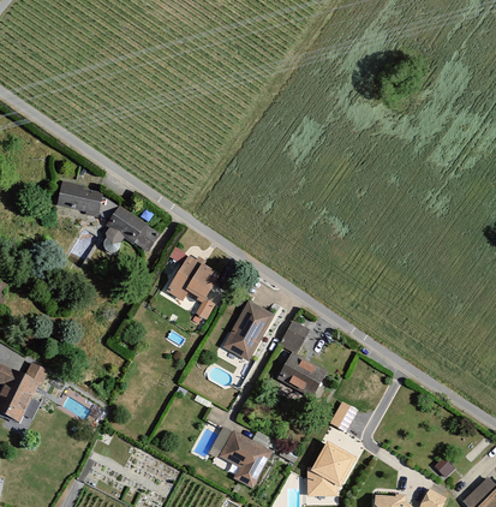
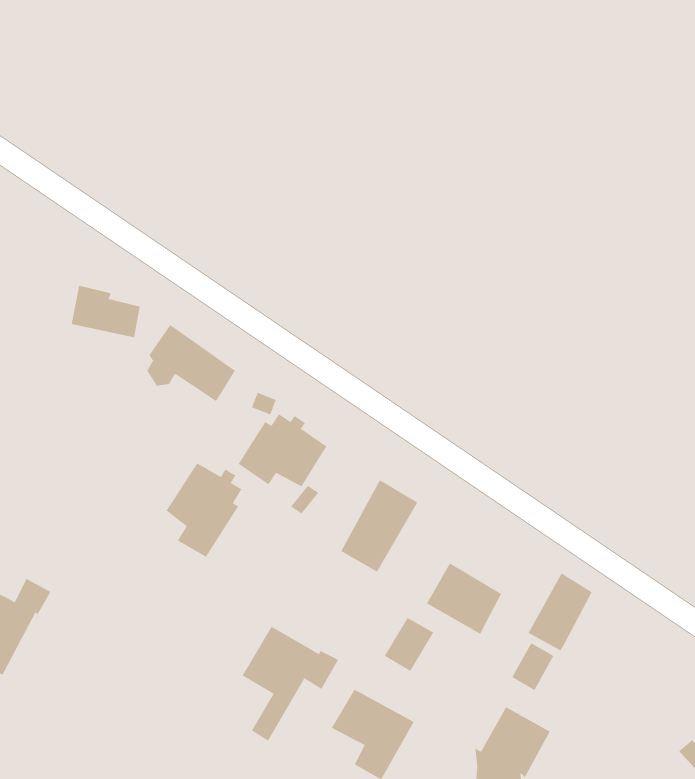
building: none -> [166,463,242,558]
building: [279,320,310,353] -> [384,617,434,671]
building: none -> [528,573,593,651]
building: none -> [242,626,339,742]

